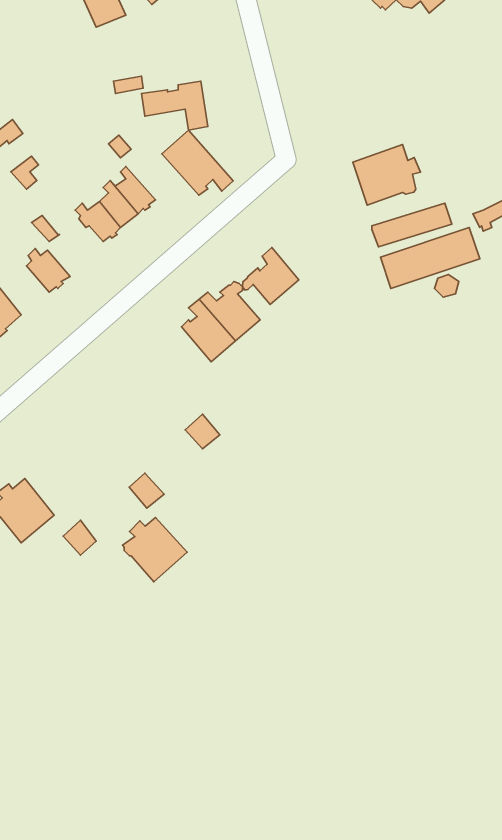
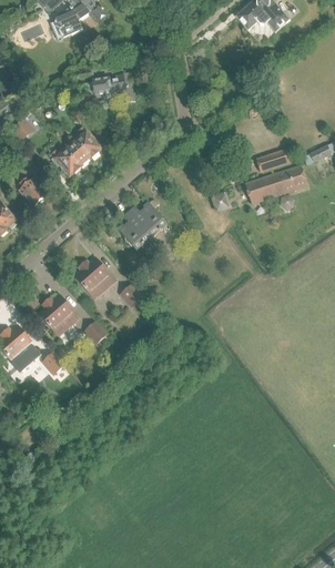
building: [162,130,233,195] -> none
building: [353,145,420,205] -> none
building: [243,247,299,305] -> none
building: none -> [74,257,114,297]
building: [122,517,187,582] -> [38,294,79,335]

